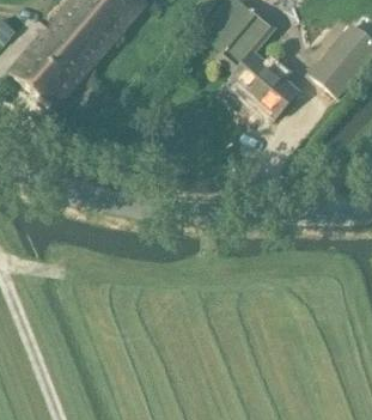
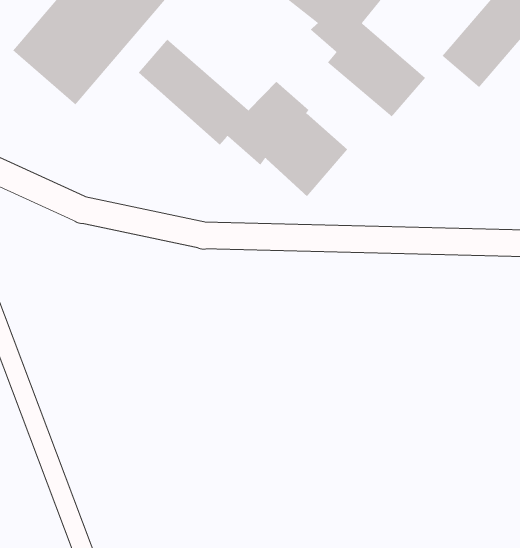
building: none -> [138,38,348,197]

